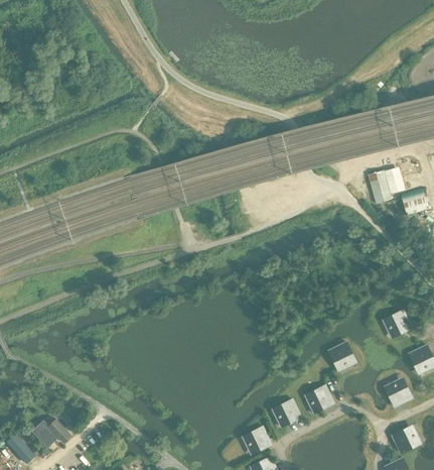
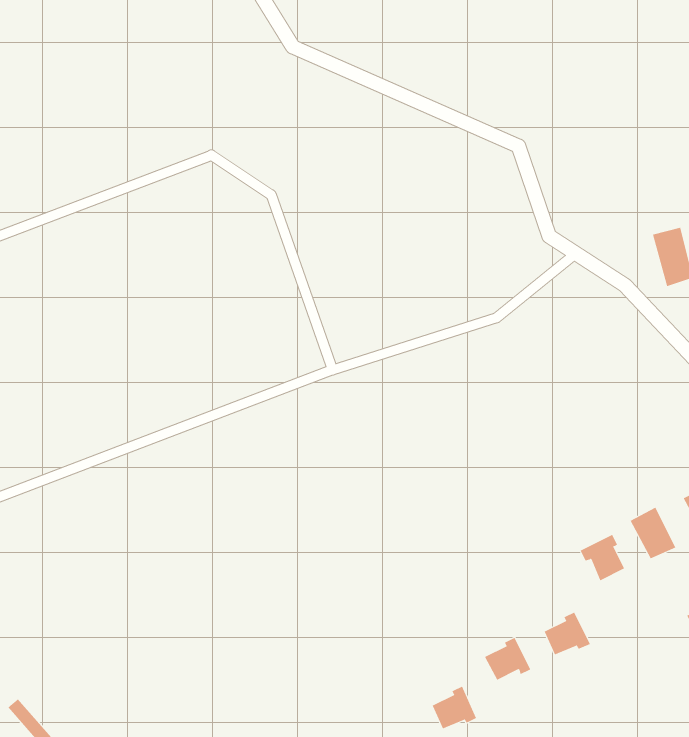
building: none -> [630,507,676,559]
building: [31,420,70,448] -> none

